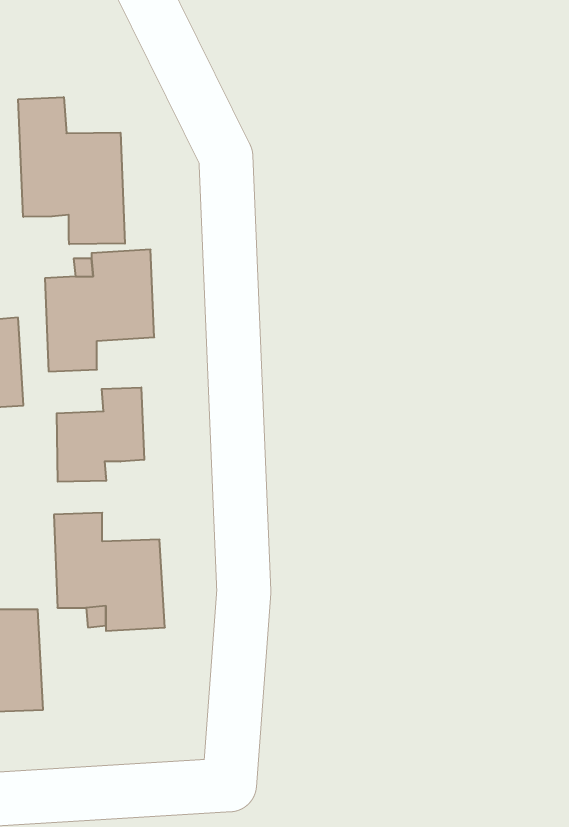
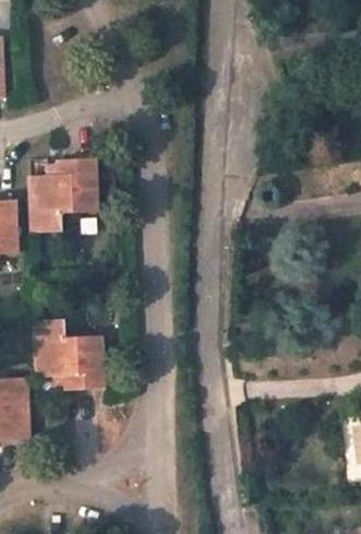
building: [18,97,125,244] -> none
building: [57,387,144,482] -> none

